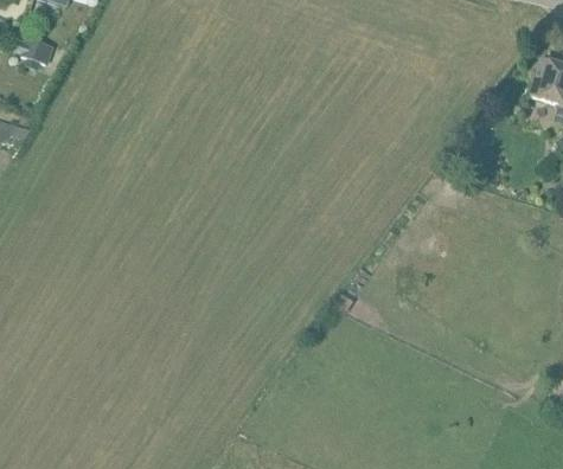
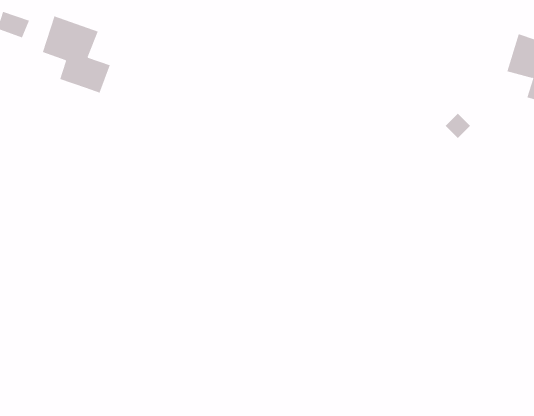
building: none -> [42,16,110,93]

